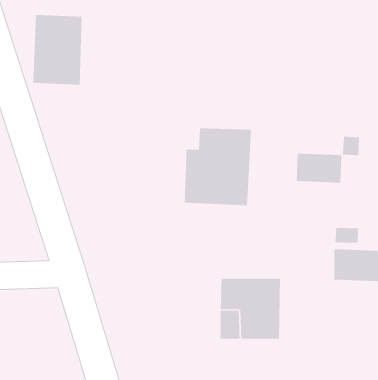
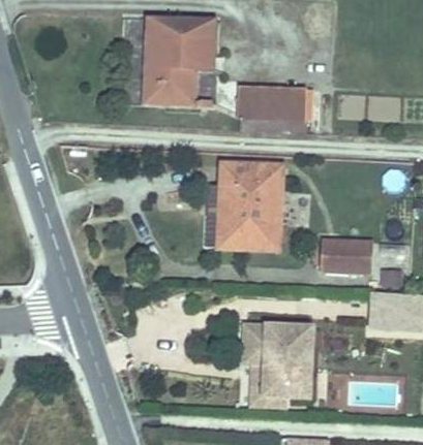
building: [32,15,82,85] -> [146,28,201,105]
building: none -> [242,85,307,118]
building: [296,153,342,183] -> [323,240,373,273]

